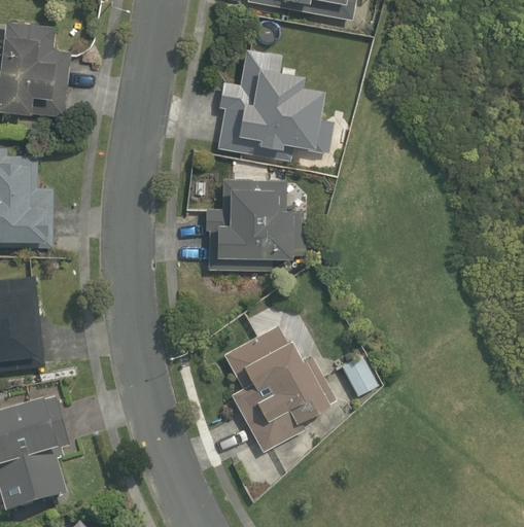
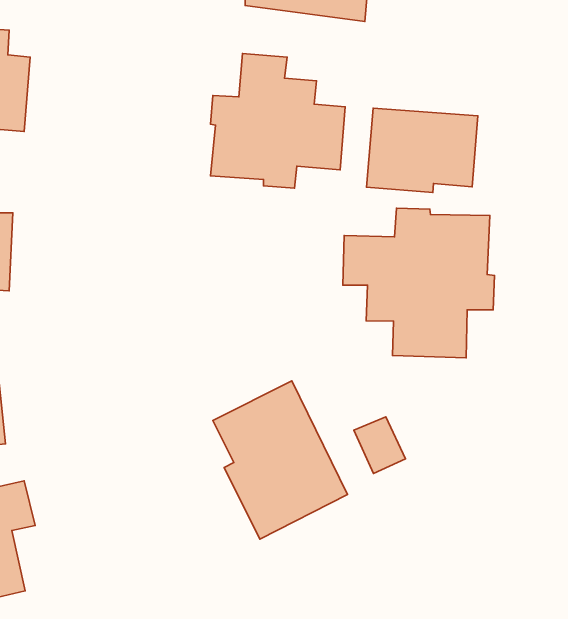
building: none -> [367,108,478,193]
building: none -> [343,208,494,358]
building: [203,179,308,272] -> none

